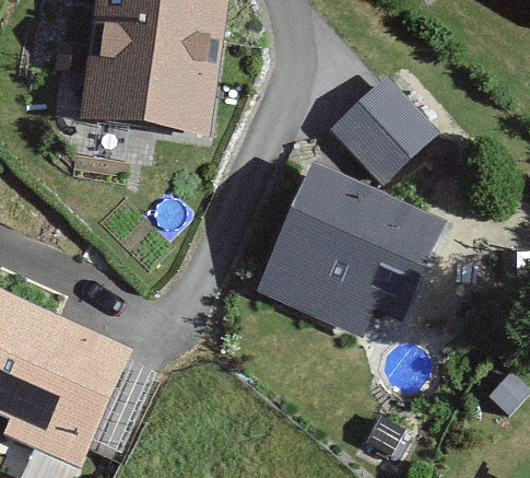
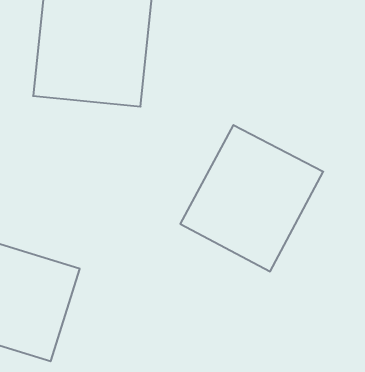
building: [337,69,448,180] -> none

